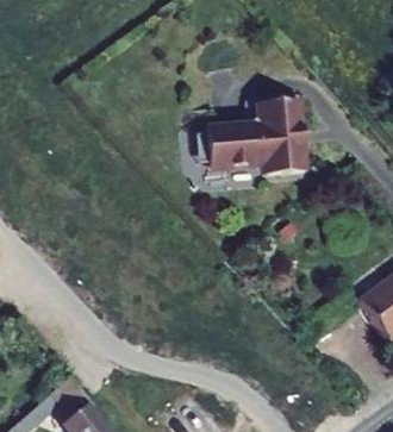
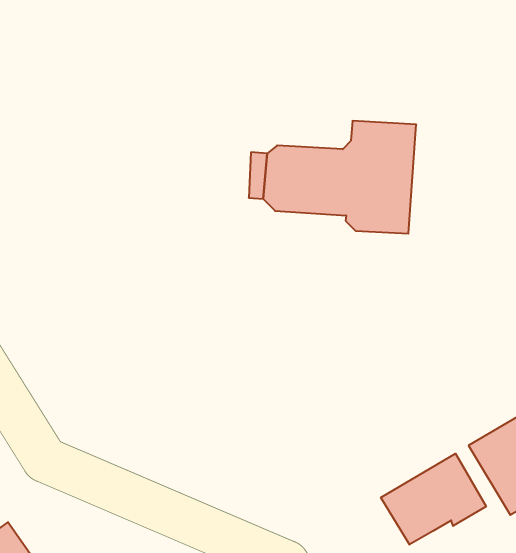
building: none -> [381,454,486,545]

